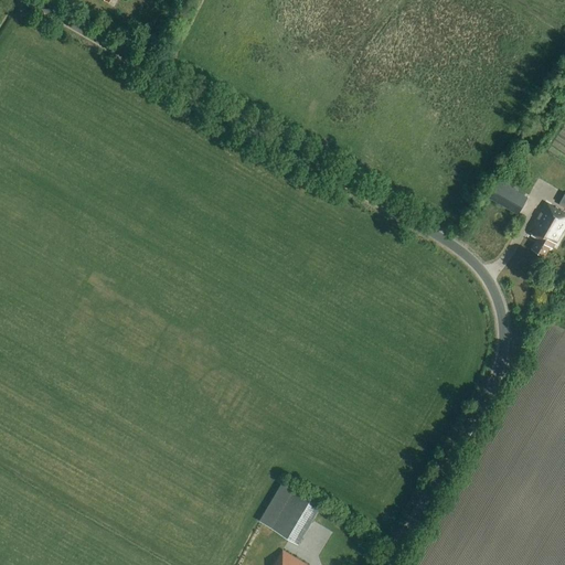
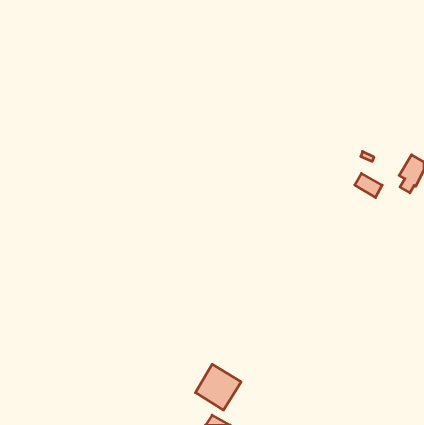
building: [489,182,525,214] -> [355,173,382,198]

